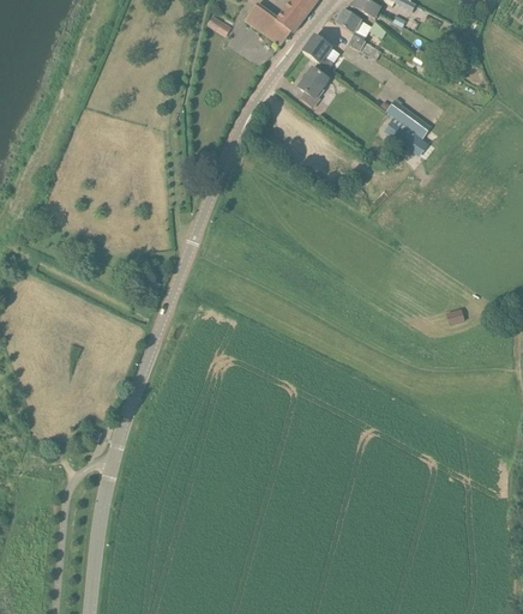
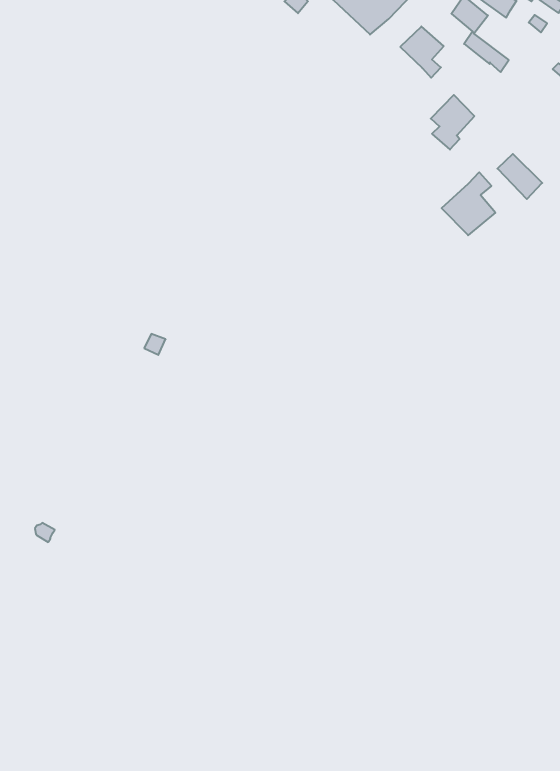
building: [297,65,329,104] -> [431,95,474,150]
building: none -> [442,172,495,235]

